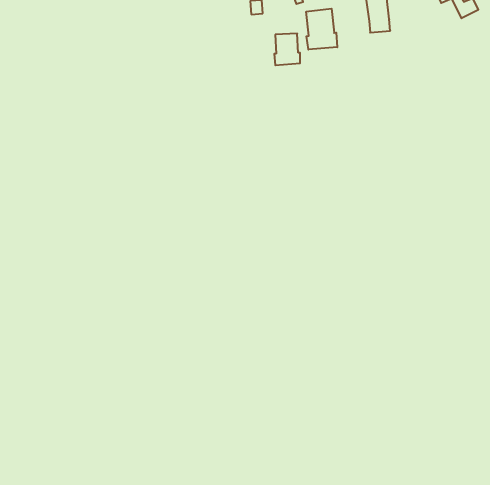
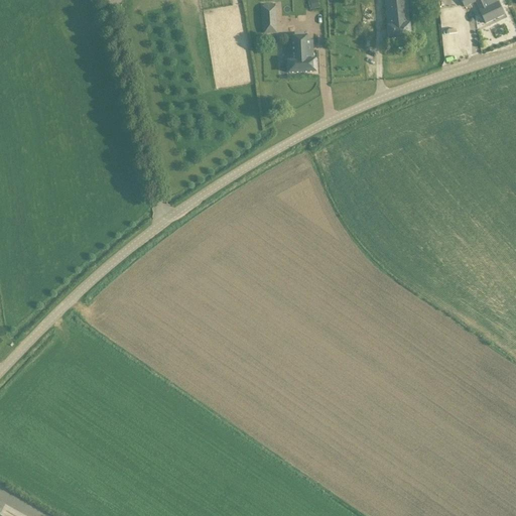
building: [306,9,337,50] -> none

